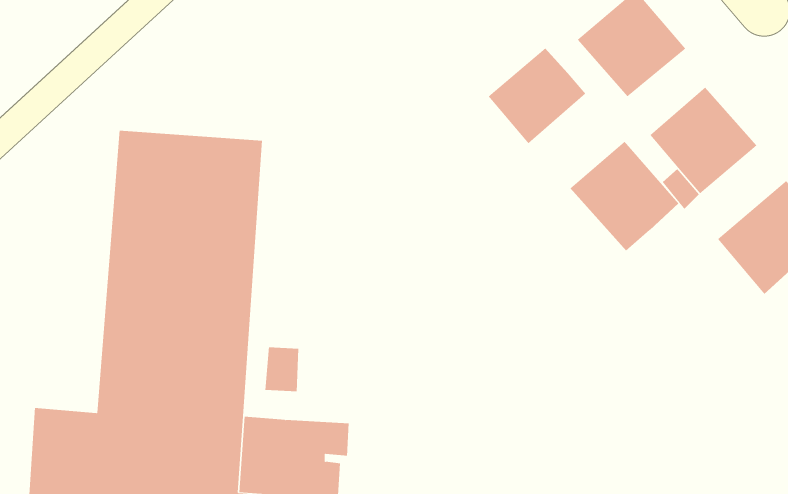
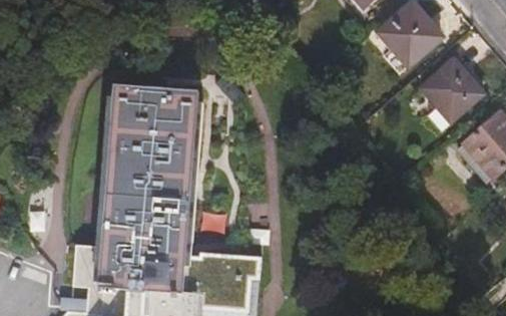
building: [488,47,586,144] -> none
building: [570,141,679,251] -> none

